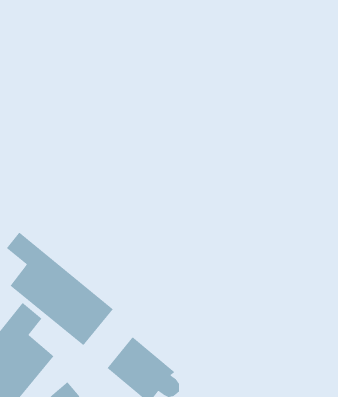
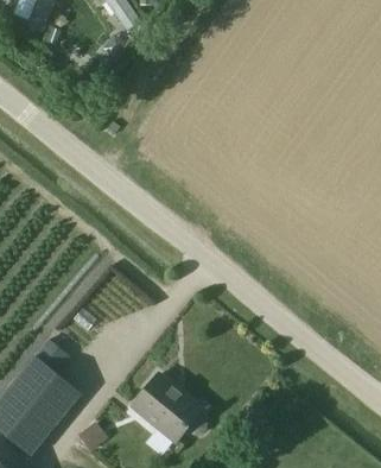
building: [6,231,114,346] -> none

